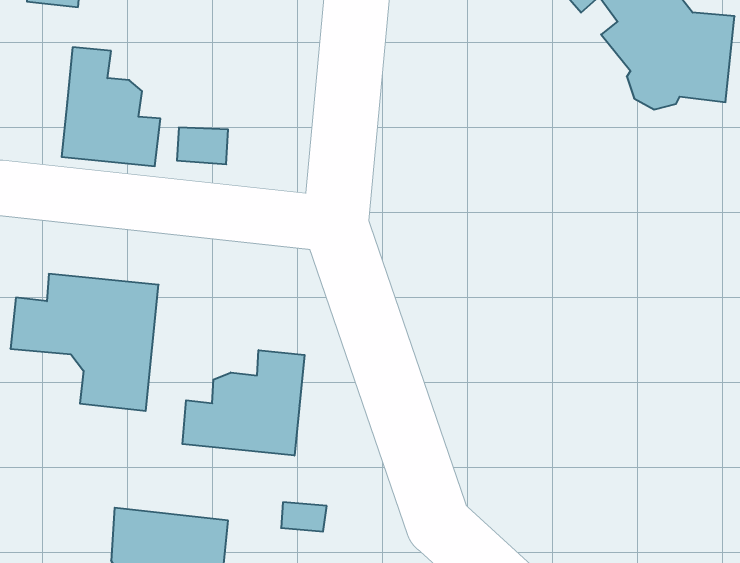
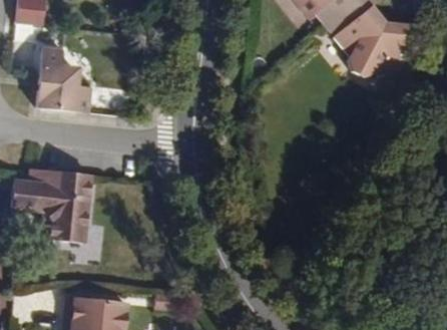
building: [182,350,305,456] -> none

